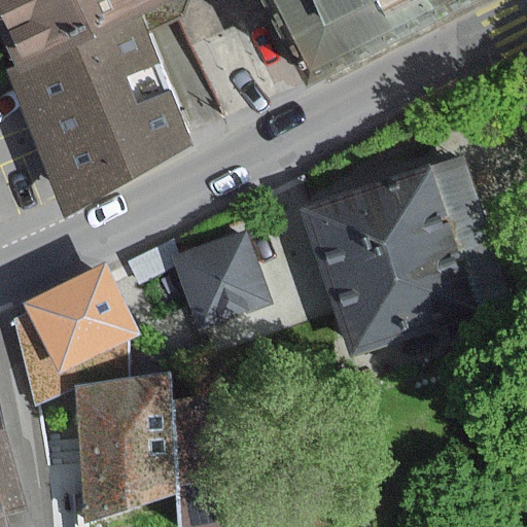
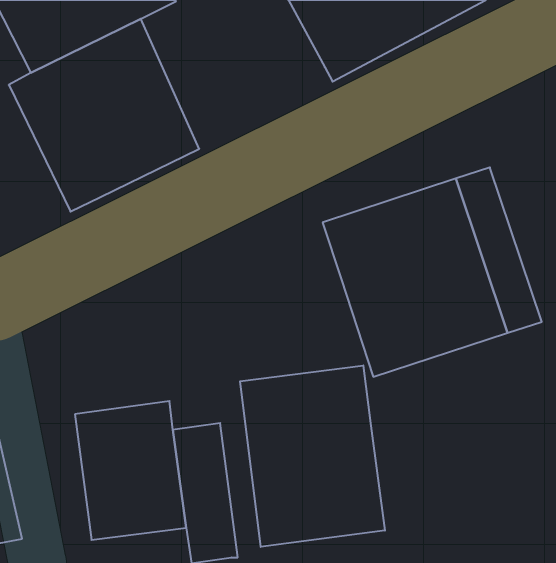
building: [168,226,270,326] -> none
building: [27,267,134,367] -> none
building: none -> [240,365,385,547]

